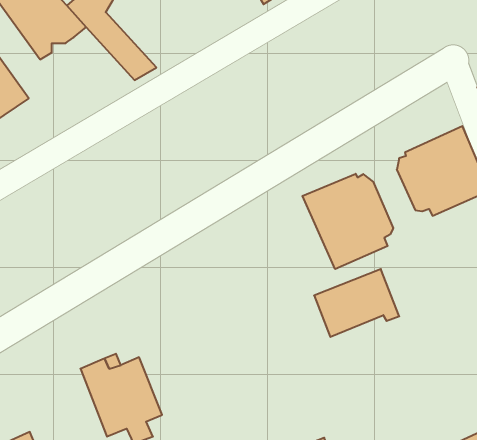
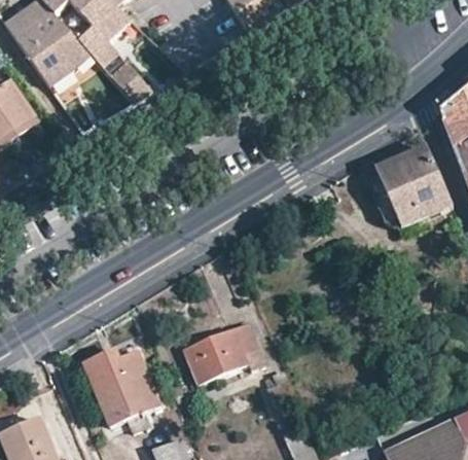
building: [302,174,393,269] -> none
building: [314,269,399,337] -> [185,323,261,384]

